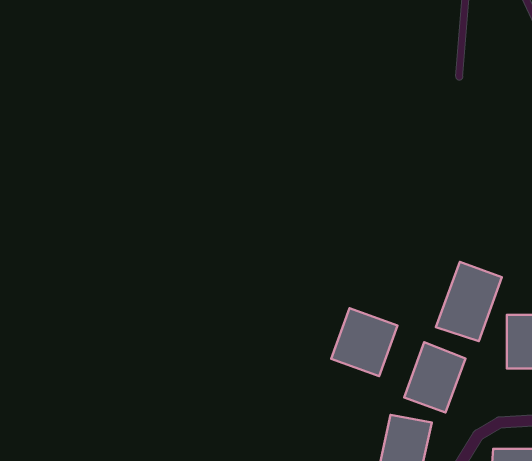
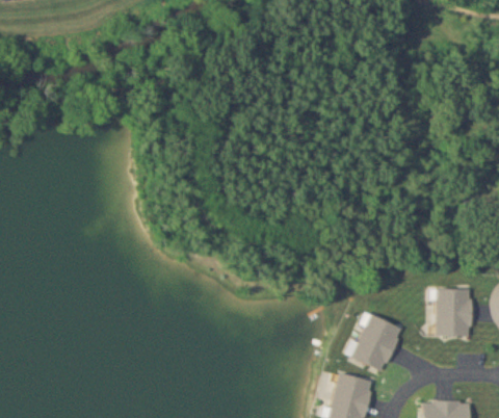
building: [436,262,502,341] -> none
building: [331,308,398,376] -> none

